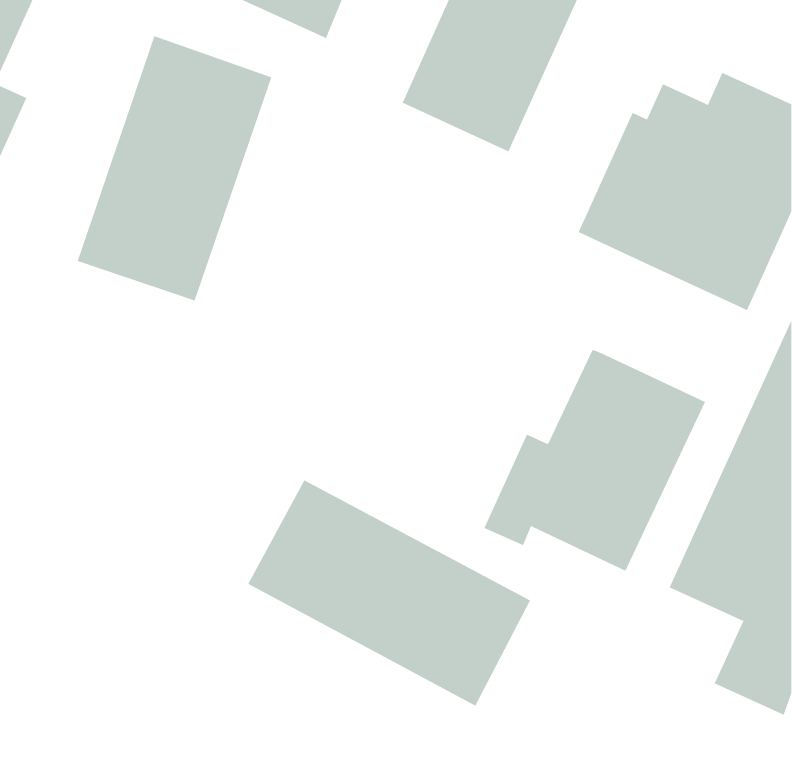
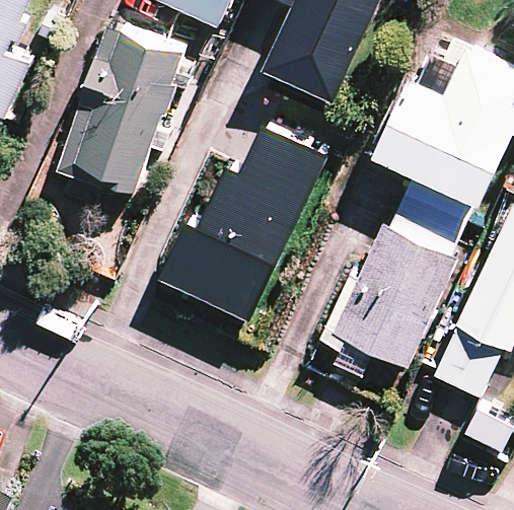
building: none -> [164,119,328,311]
building: none -> [389,171,483,260]
building: [247,479,531,706] -> none

